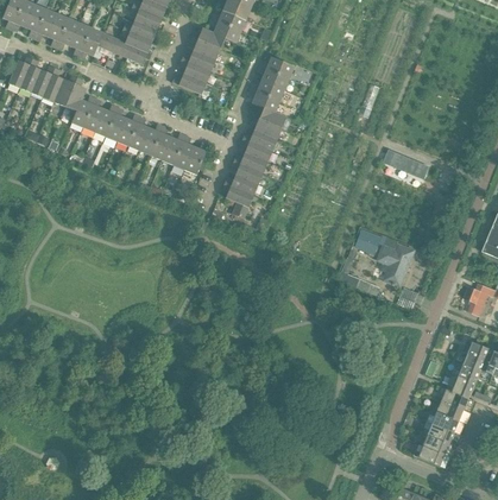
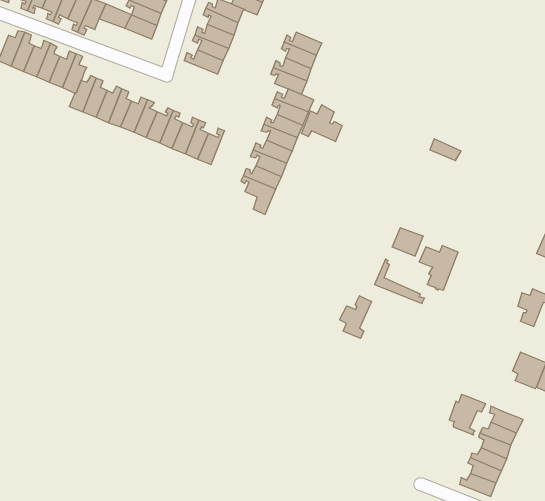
building: none -> [302,105,342,142]
building: none -> [340,296,372,338]
building: [448,362,480,398] -> [449,394,486,435]

